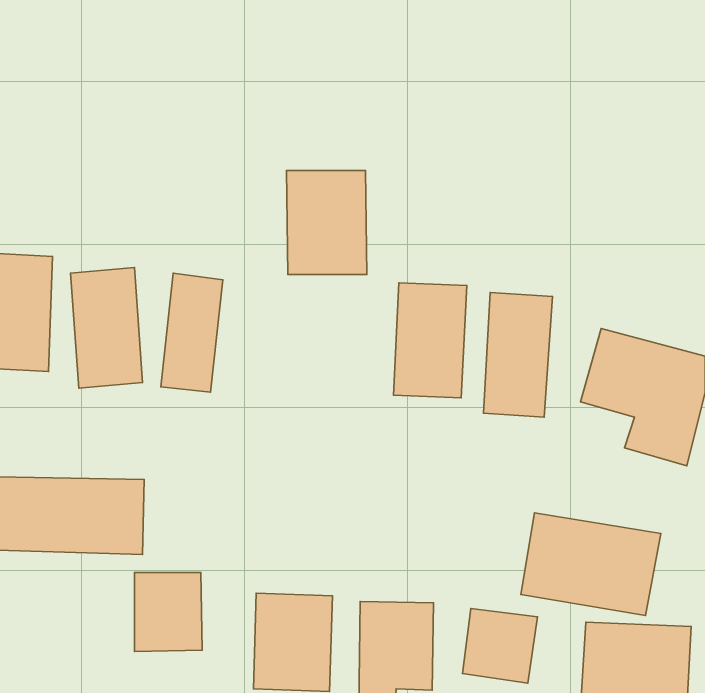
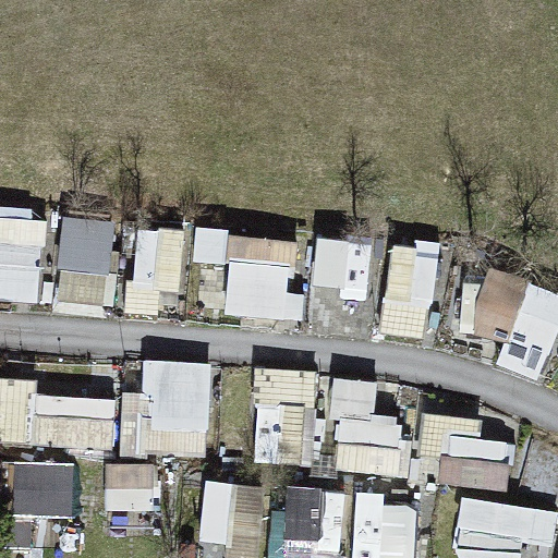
building: [286,170,367,274] -> [226,241,289,323]
building: none -> [136,361,210,449]
building: none -> [252,371,308,461]
building: none -> [327,378,407,476]
building: none -> [7,464,74,521]

